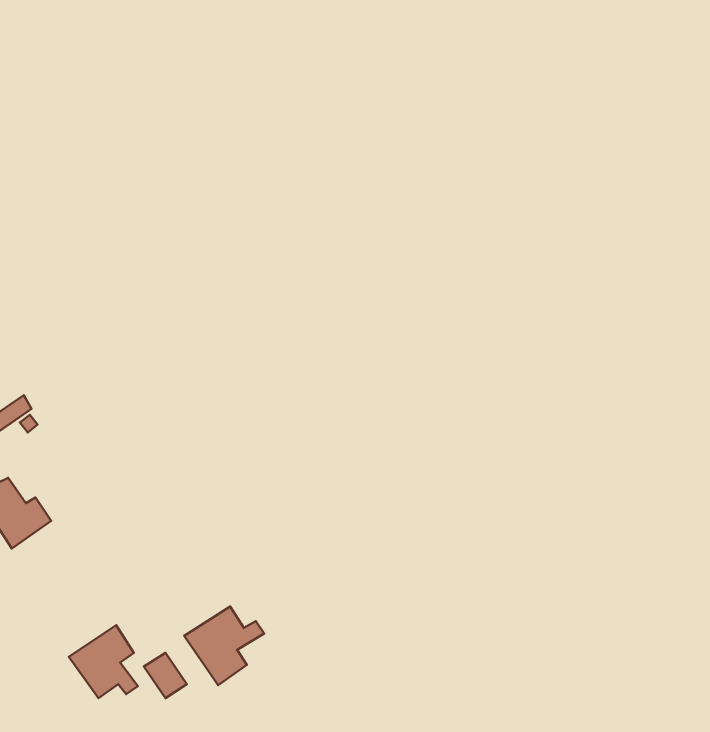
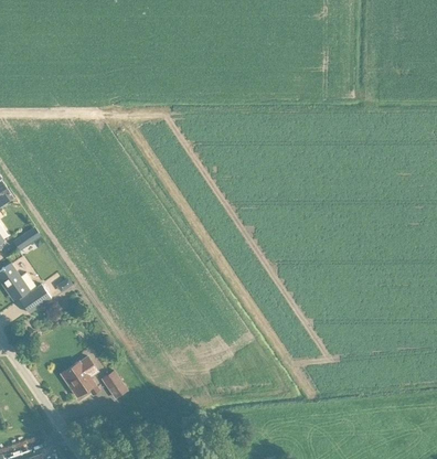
building: [184,606,264,685] -> none

